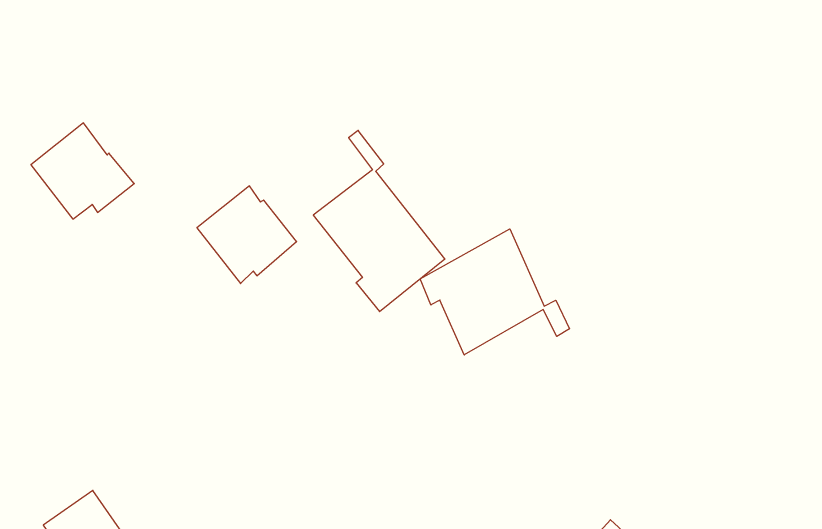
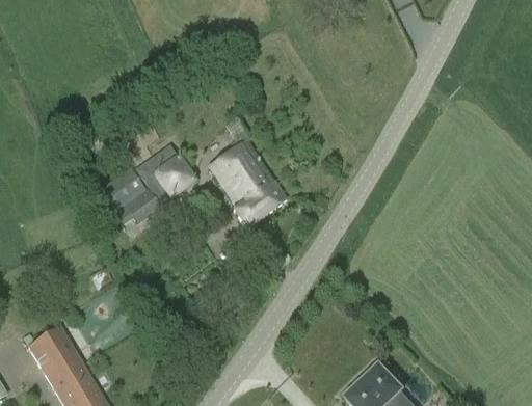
building: [31,123,134,219] -> [97,167,160,226]
building: [420,229,569,355] -> none

